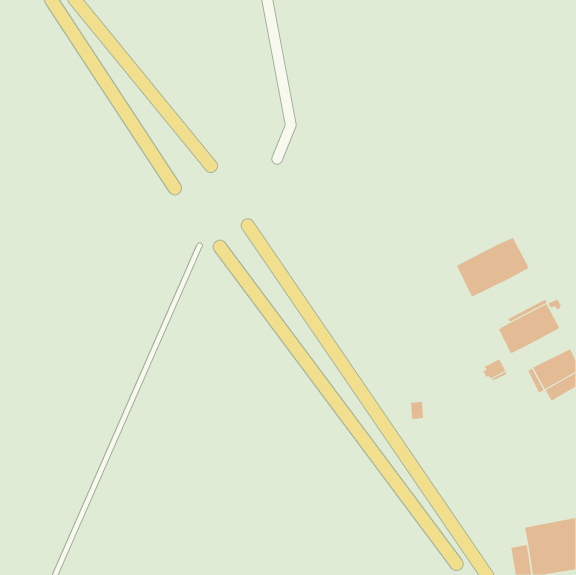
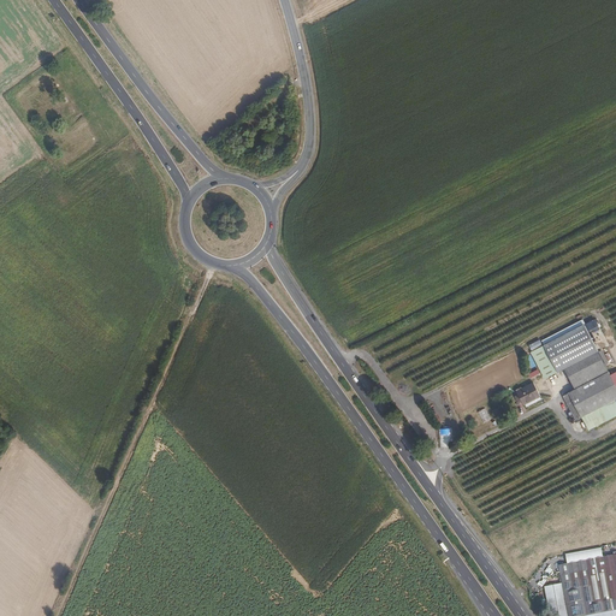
building: [456,237,530,298] -> none
building: none -> [564,350,609,389]

